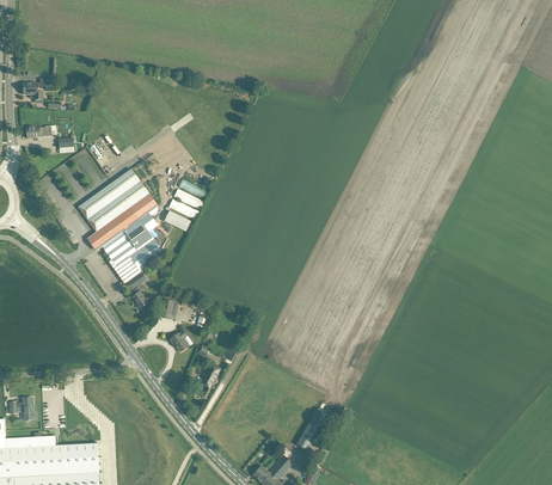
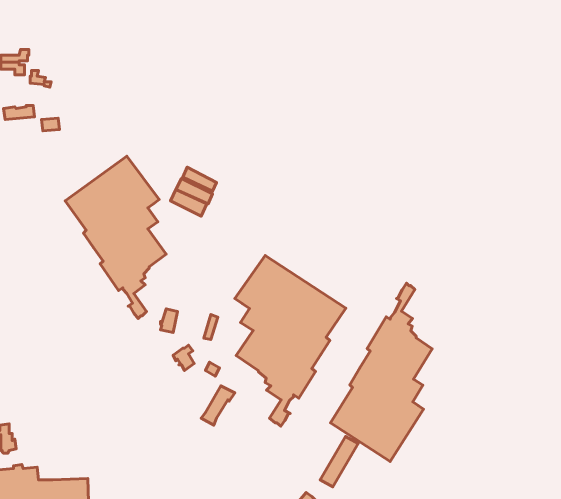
building: none -> [235,255,346,426]
building: none -> [331,283,432,462]

